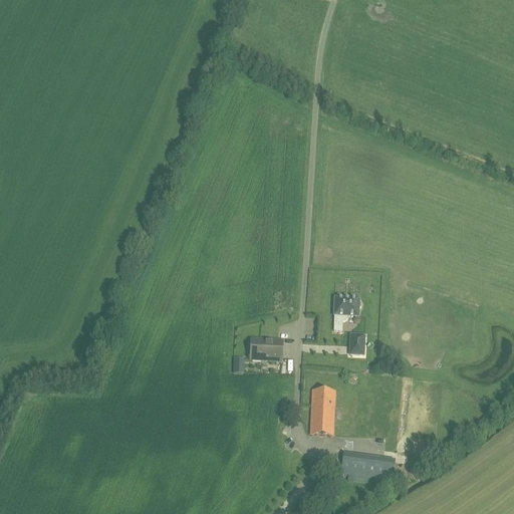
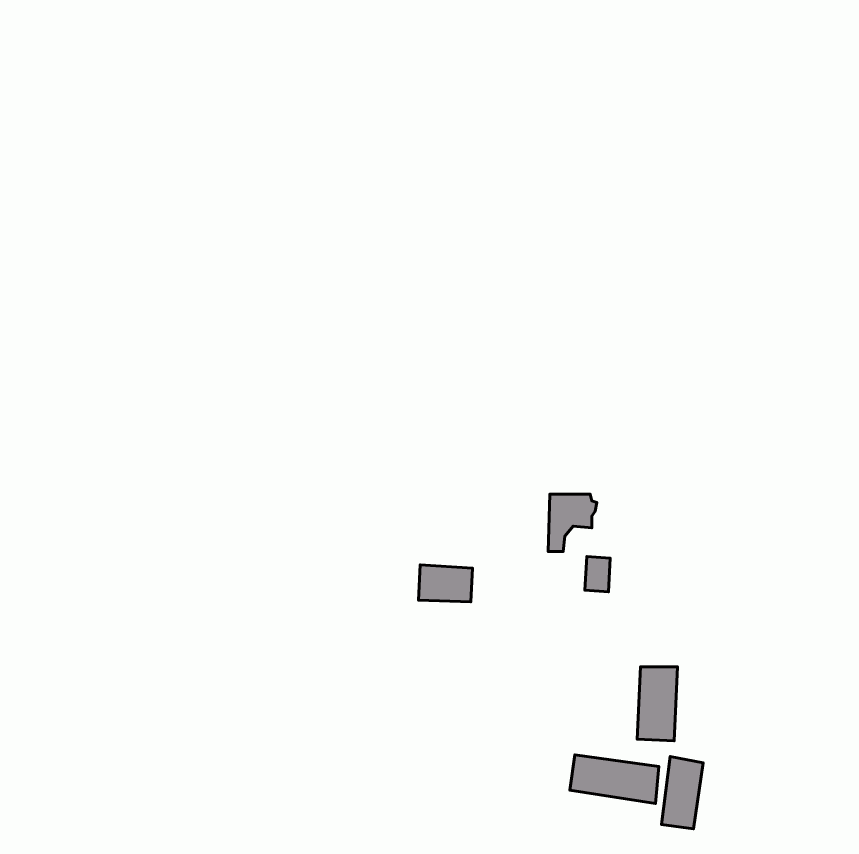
building: [310,390,334,434] -> [637,667,677,741]
building: none -> [662,757,703,829]

